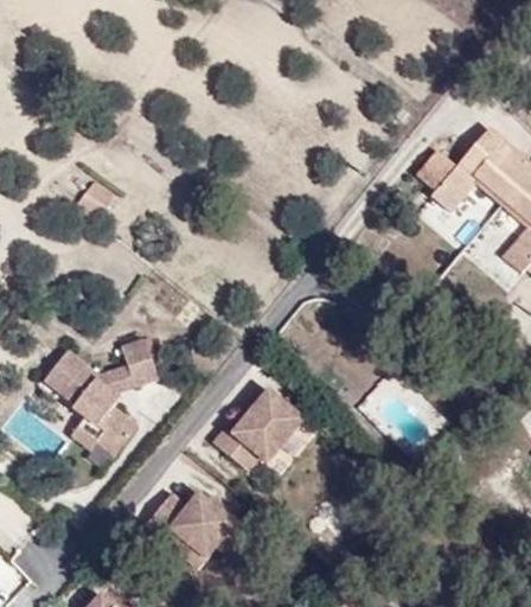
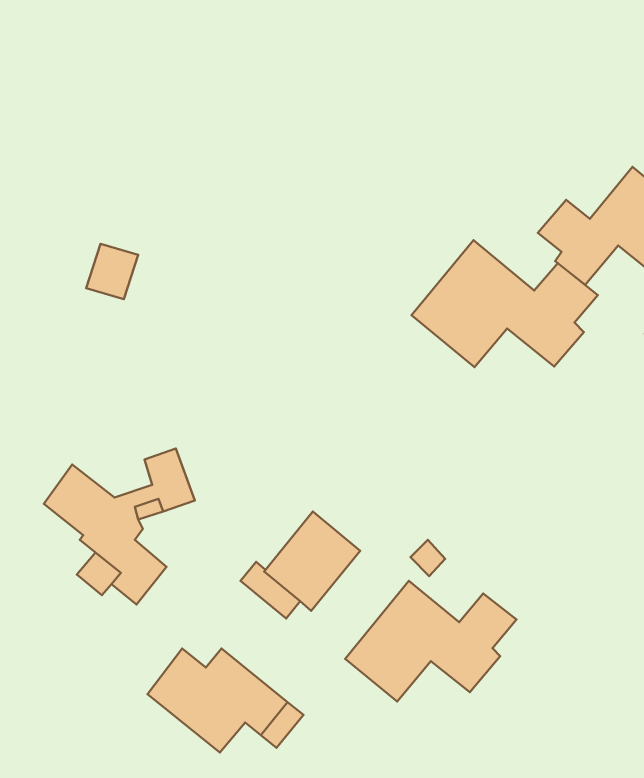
building: none -> [412,240,598,367]
building: none -> [345,581,516,701]

